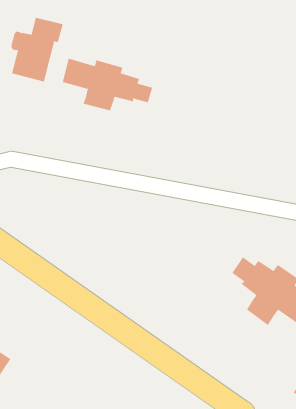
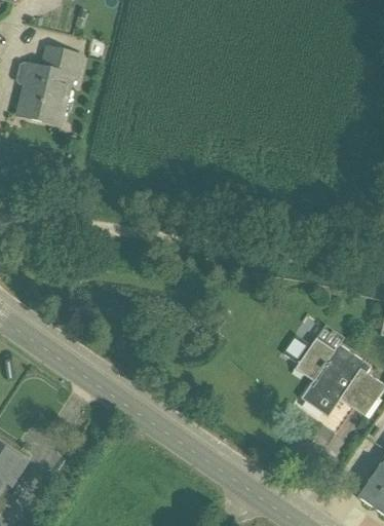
building: [62,58,153,111] -> none

